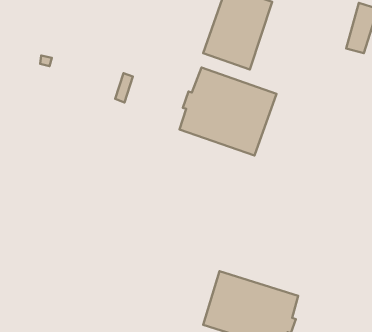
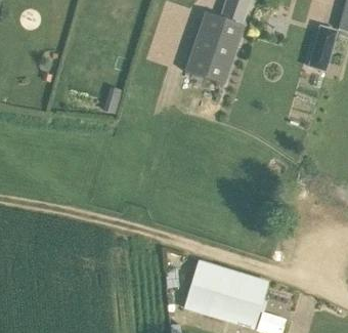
building: [179,68,276,156] -> none

